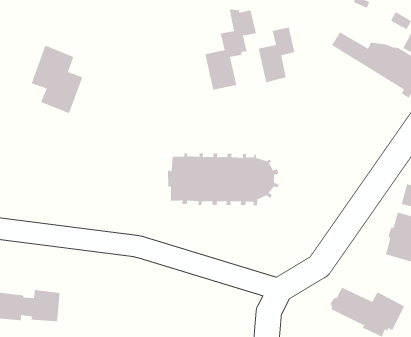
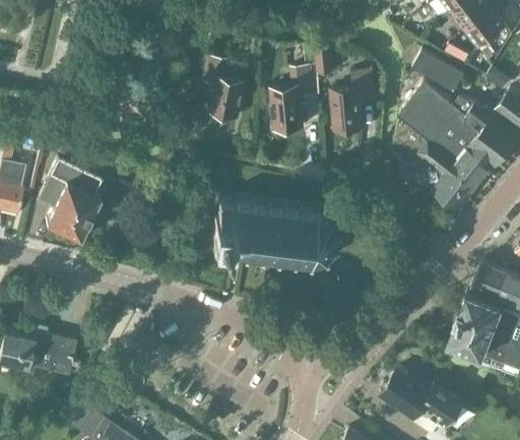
building: none -> [413,51,466,93]
building: none -> [203,58,244,118]
building: [31,45,83,114] -> [40,159,100,240]
building: none -> [394,98,494,210]

